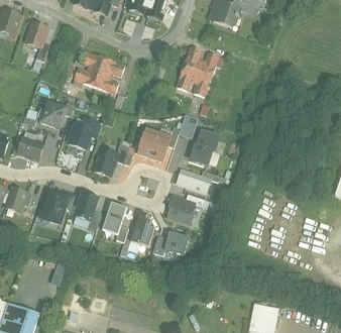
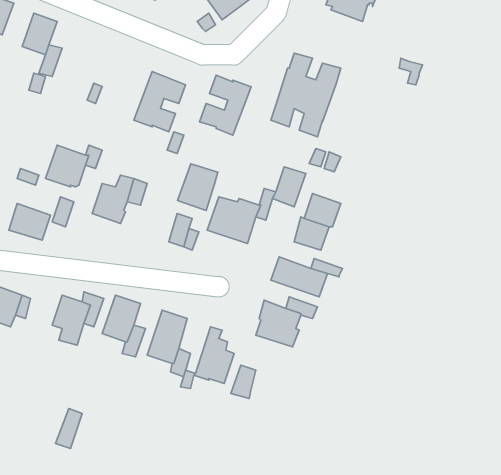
building: [74,49,105,86] -> [199,75,251,135]
building: [93,147,117,176] -> [178,164,218,211]
building: [164,231,189,254] -> none

